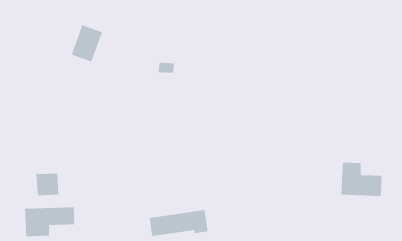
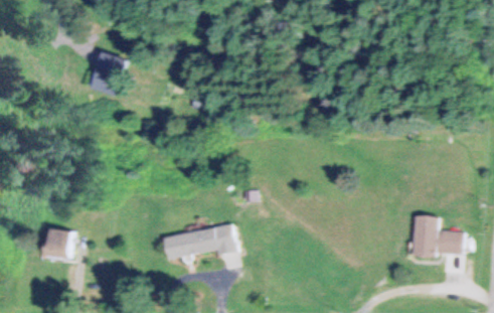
building: [24,206,75,237] -> none
building: [149,210,208,236] -> [165,224,236,257]

